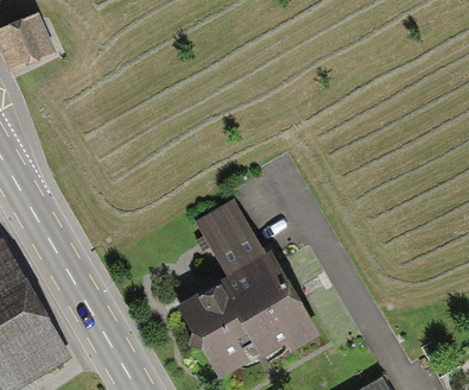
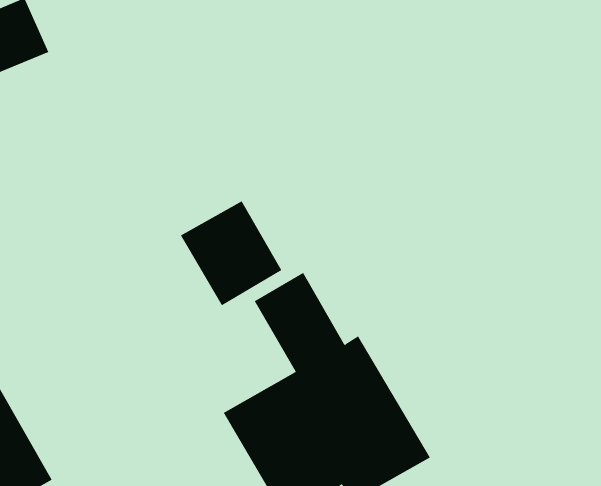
building: none -> [180,201,282,306]

